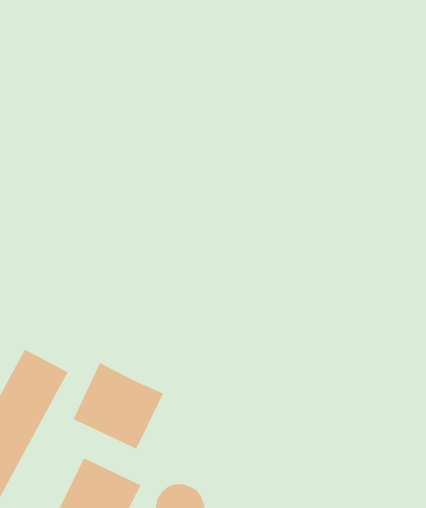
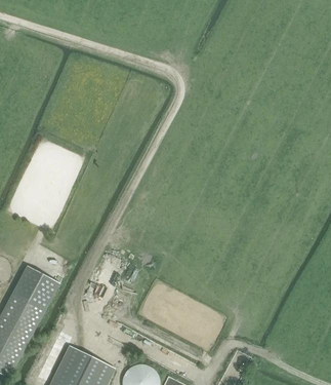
building: [73,362,164,449] -> none

